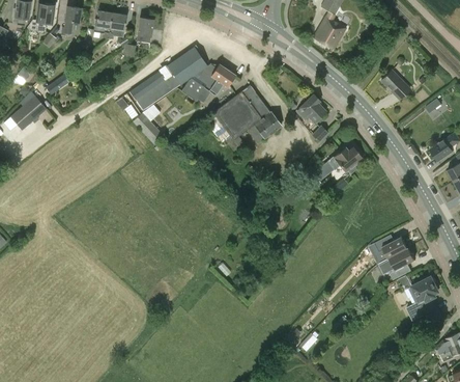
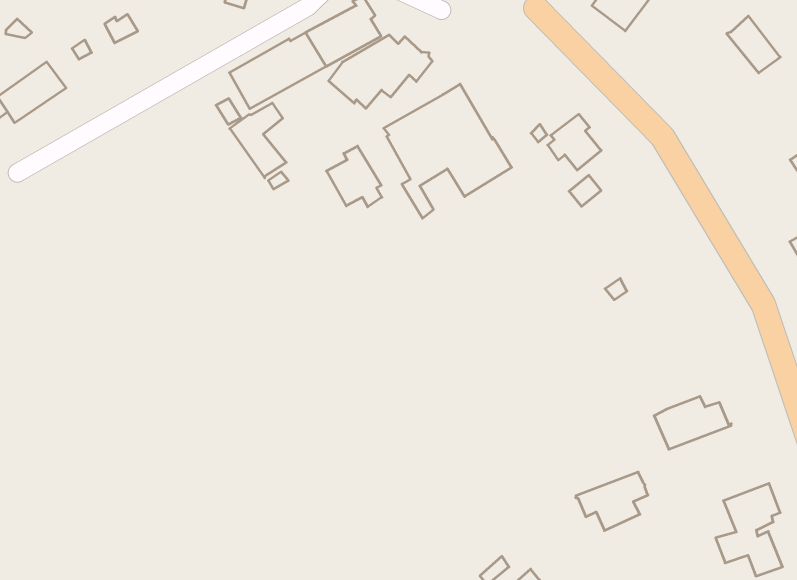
building: [380,70,409,99] -> [727,16,780,73]
building: none -> [326,146,382,207]
building: [315,145,362,179] -> none
building: [377,248,414,280] -> [576,472,648,531]

